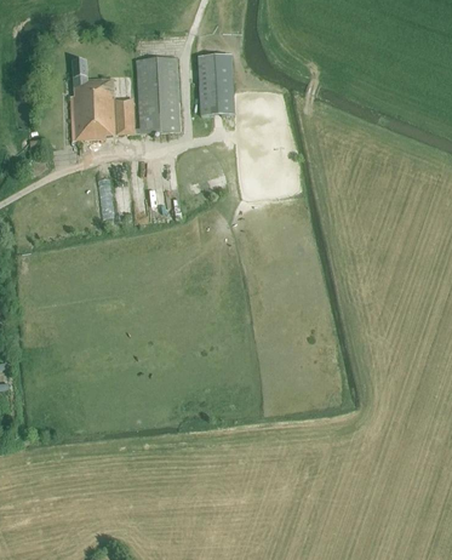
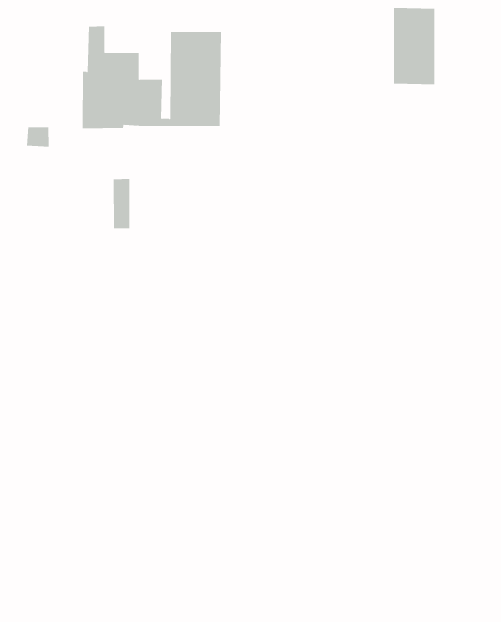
building: [198,55,234,115] -> [393,7,435,85]

